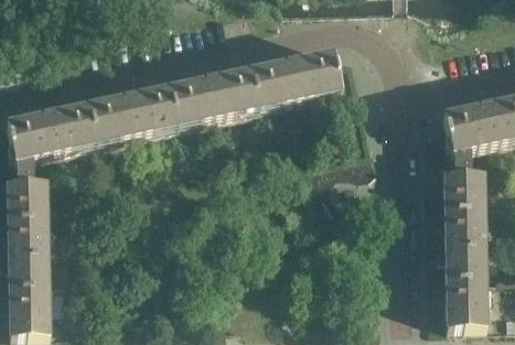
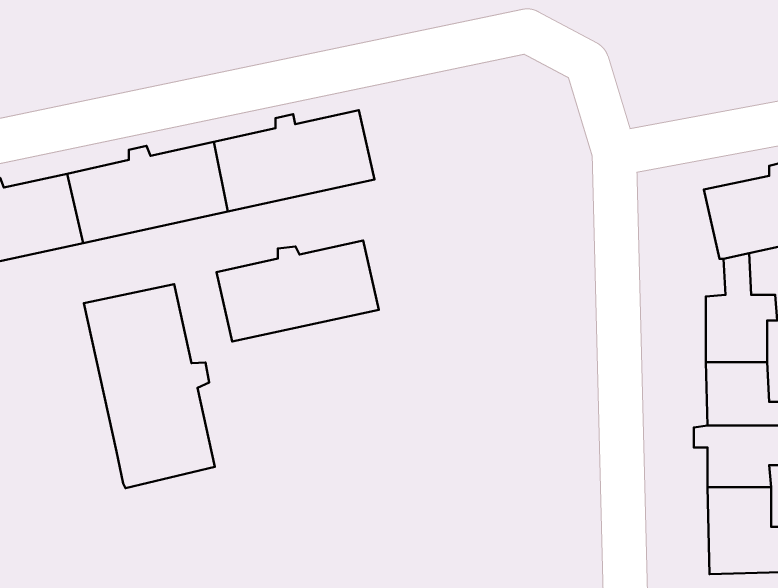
building: [251,50,342,106] -> [216,240,379,342]
building: none -> [84,284,215,488]

